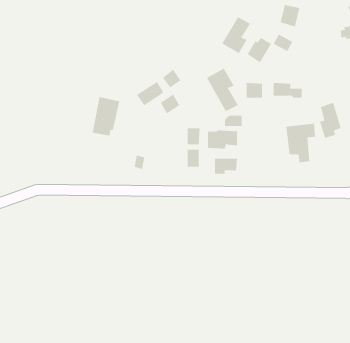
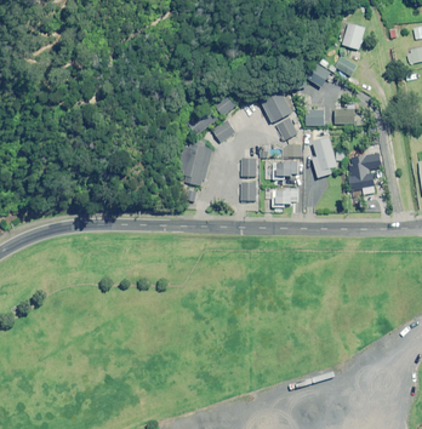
building: [221,17,251,54] -> none
building: [92,97,120,136] -> [182,142,212,184]
building: [319,102,342,138] -> [313,137,337,176]

